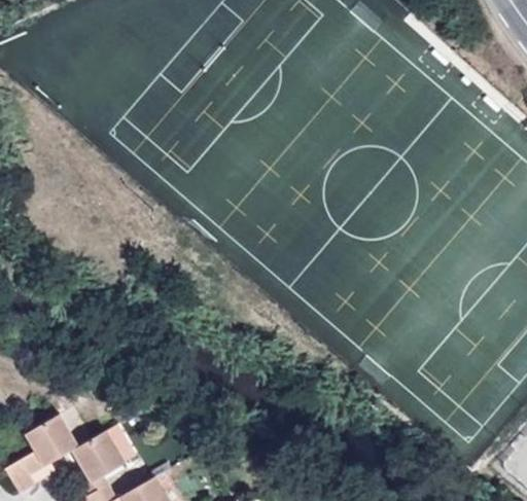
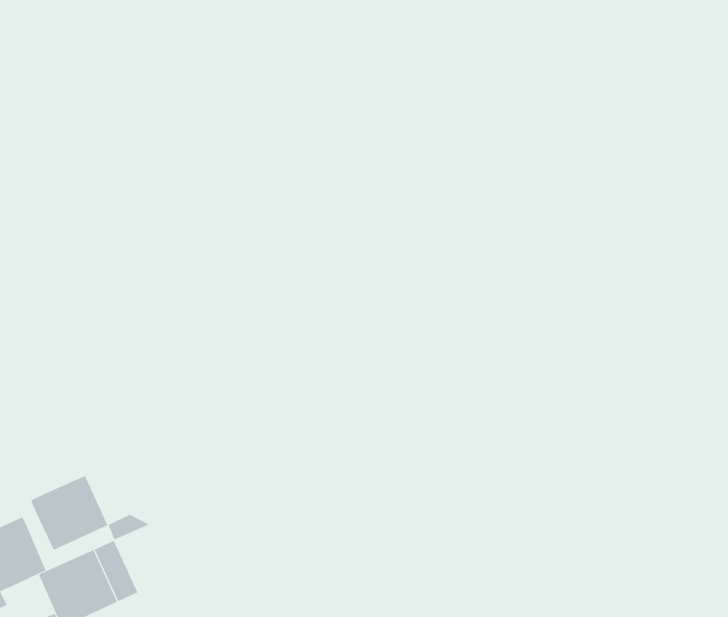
building: none -> [31,475,108,551]

